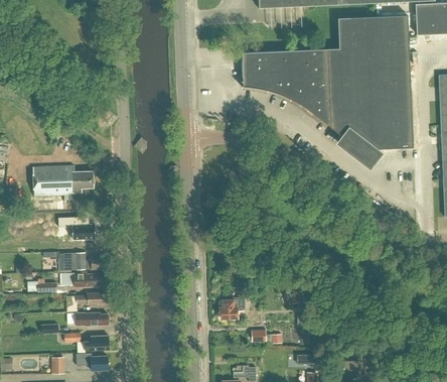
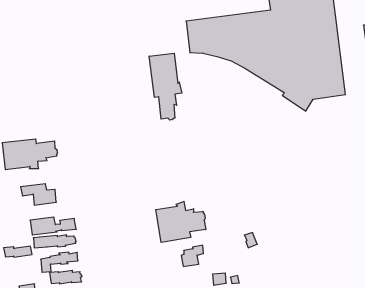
building: none -> [149,53,182,120]
building: none -> [156,201,206,242]

